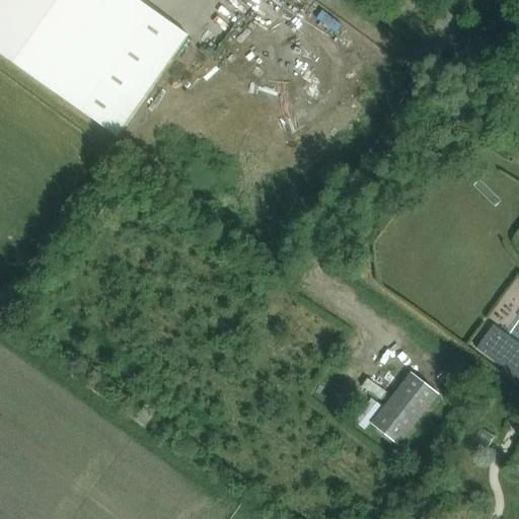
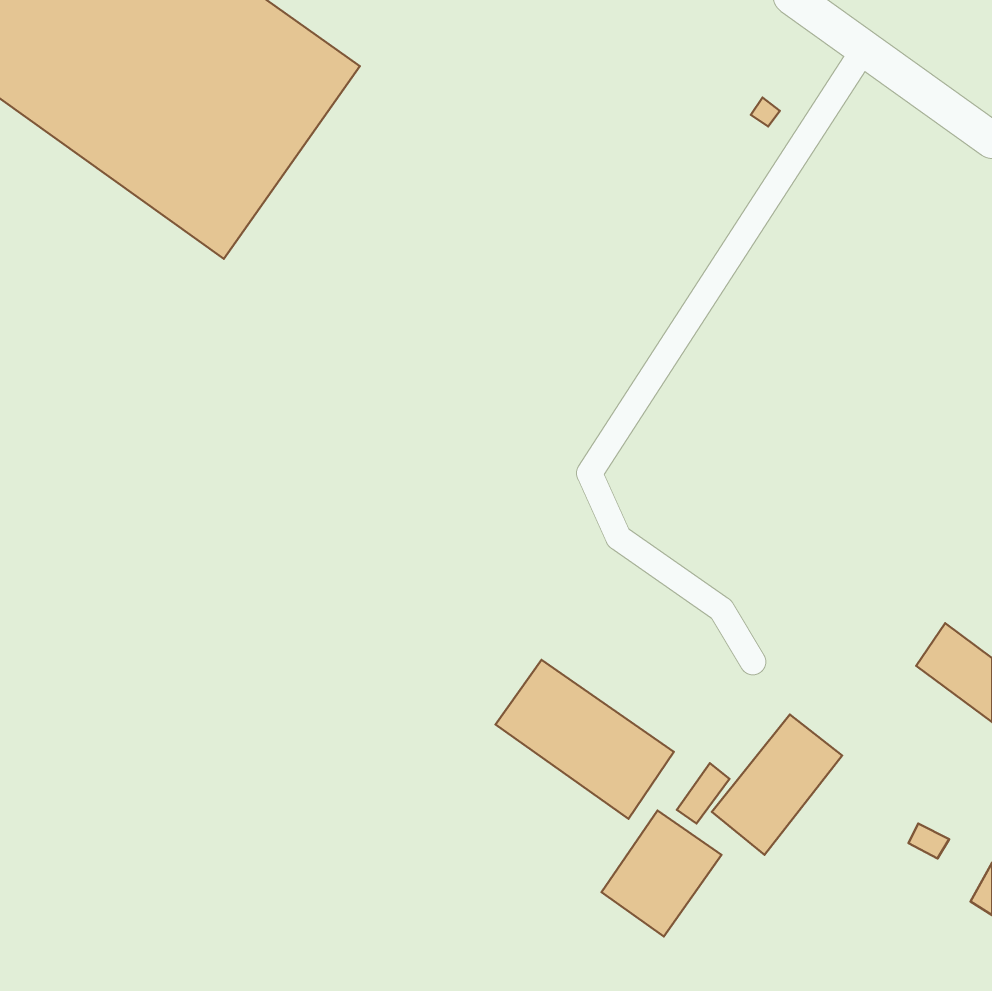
building: none -> [495,660,674,819]
building: none -> [602,811,722,936]

